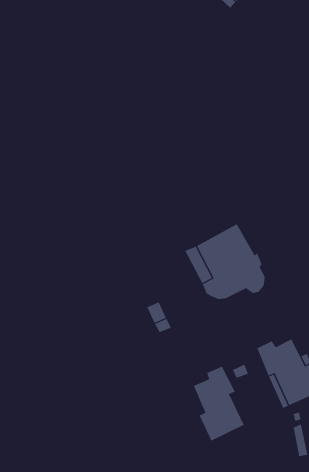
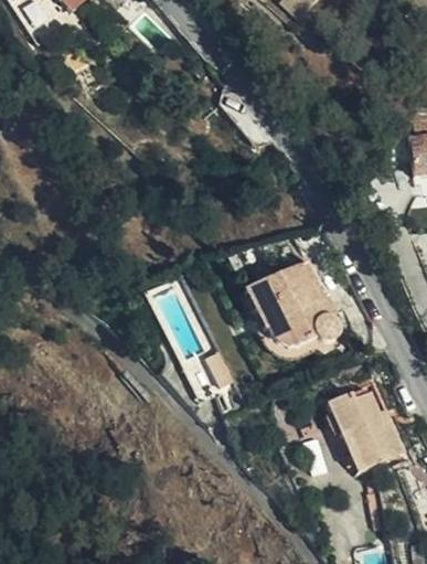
building: [193,366,244,441] -> none

